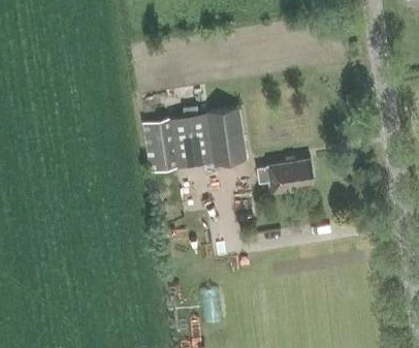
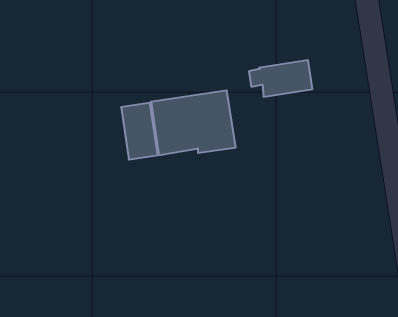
building: [256,159,315,193] -> [249,60,312,97]

